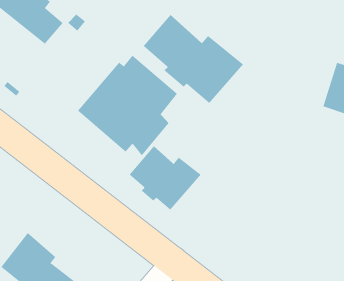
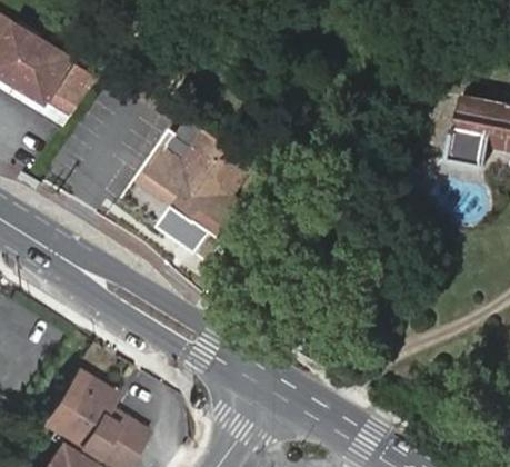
building: [143,14,244,104] -> none
building: [129,146,202,211] -> none

